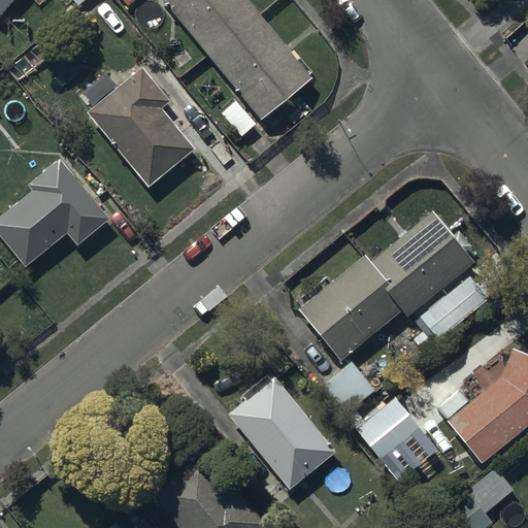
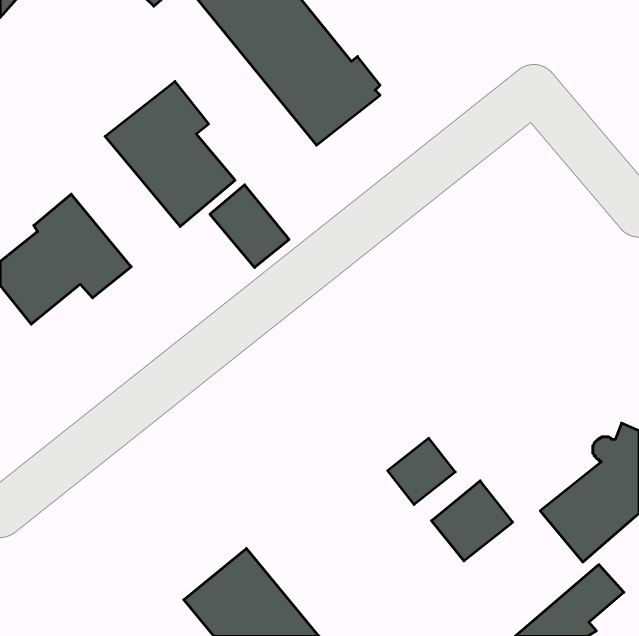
building: none -> [210,185,289,268]
building: [295,212,498,361] -> none
building: [226,374,338,491] -> none

